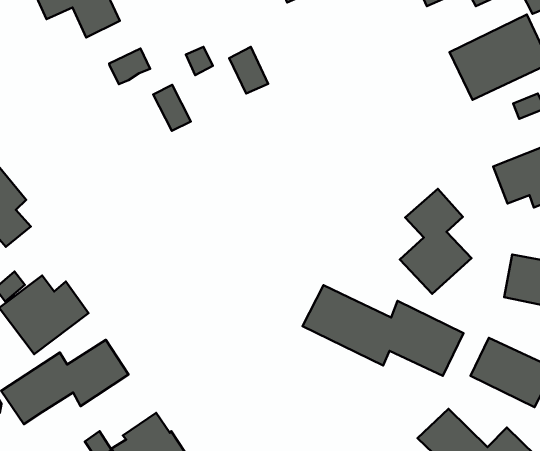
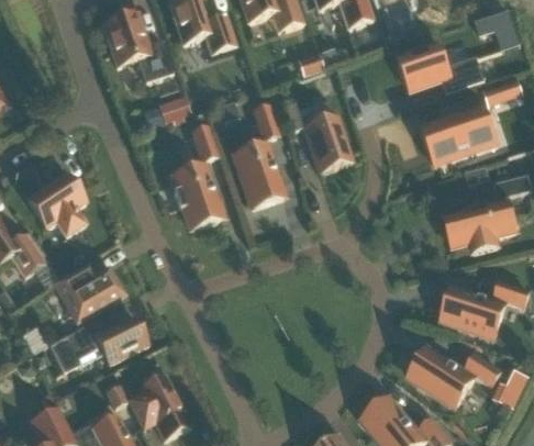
building: none -> [300,111,352,170]
building: none -> [234,143,283,205]
building: none -> [173,164,222,226]
building: [400,189,471,294] -> none
building: [303,285,464,376] -> none

